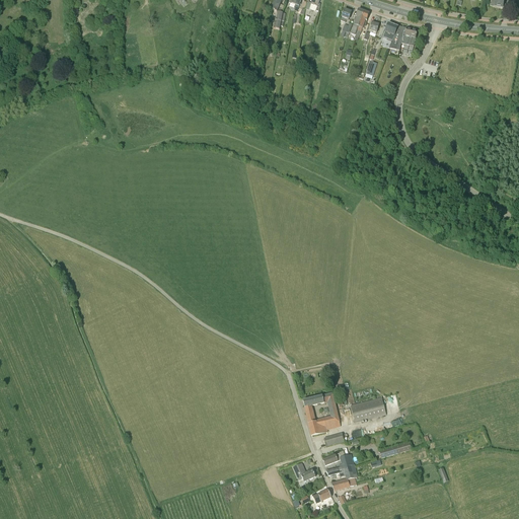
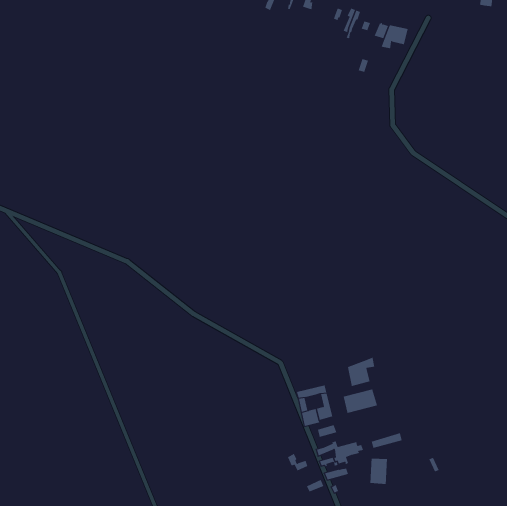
building: none -> [347,357,375,387]
building: none -> [370,458,387,485]

